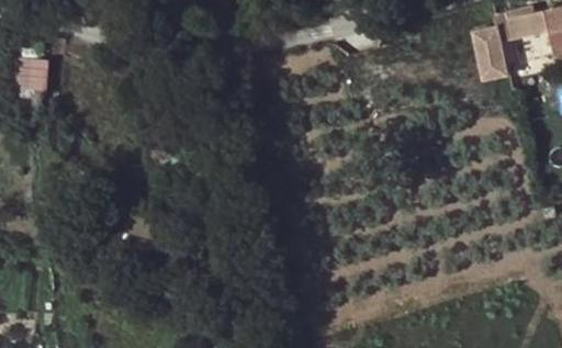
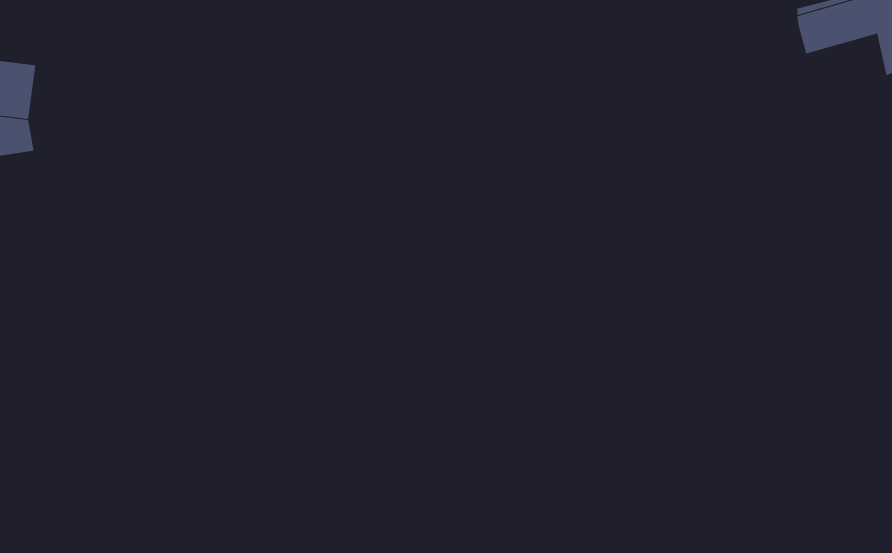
building: [476,29,513,81] -> none

